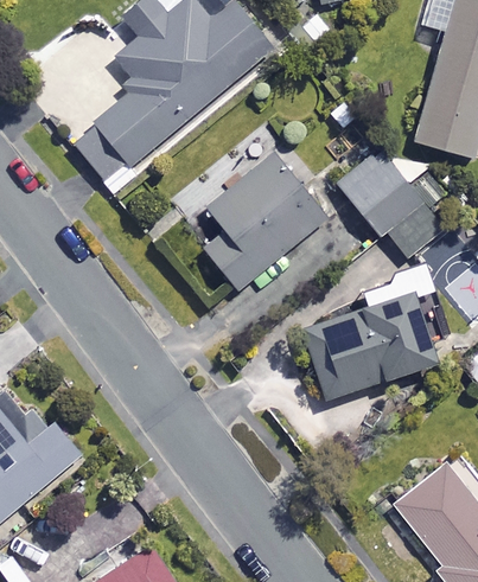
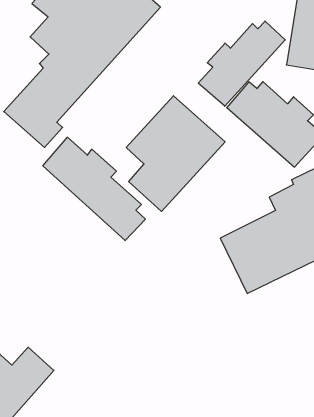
building: none -> [198,21,285,106]
building: none -> [43,137,145,241]

